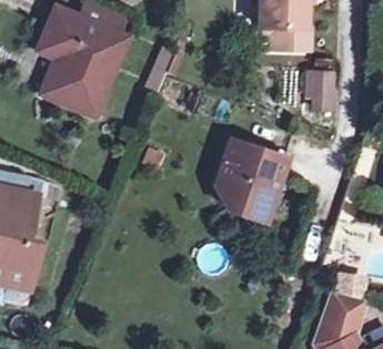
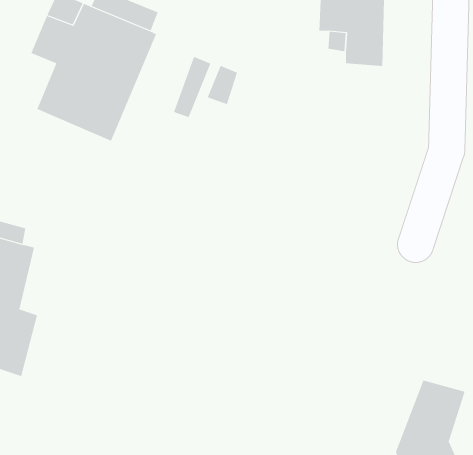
building: [302,72,335,114] -> none
building: [221,141,294,224] -> none

